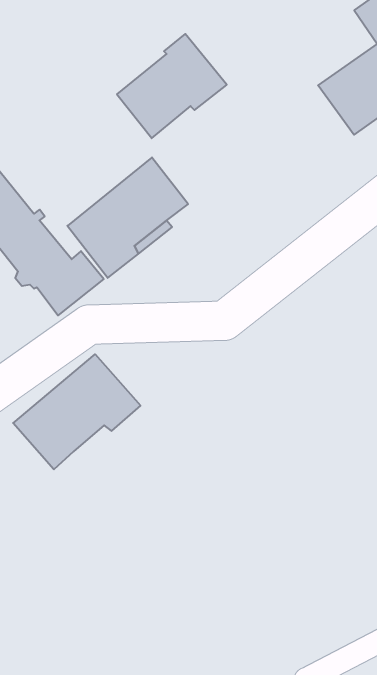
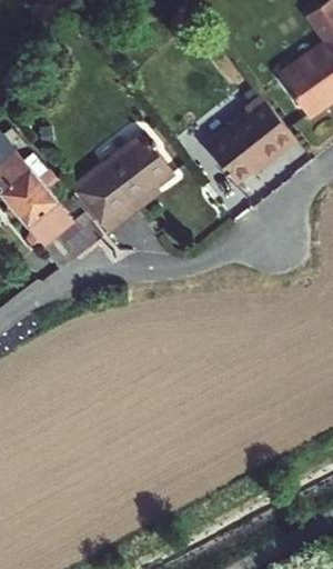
building: [117,34,227,138] -> [200,93,291,180]
building: [13,354,140,469] -> none

